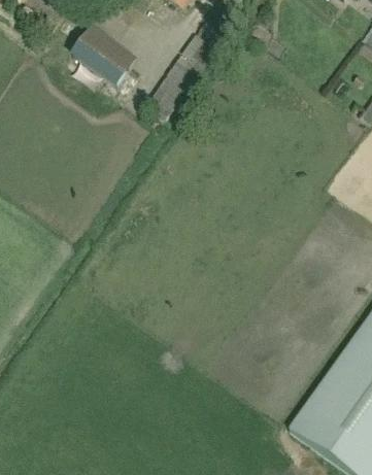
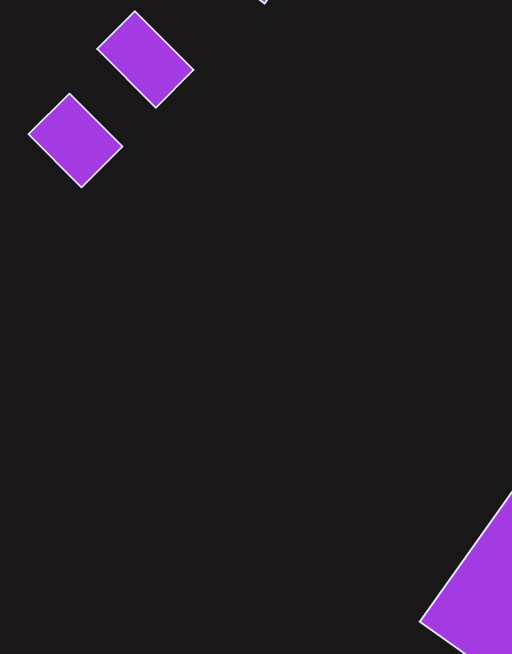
building: none -> [29,94,122,187]

